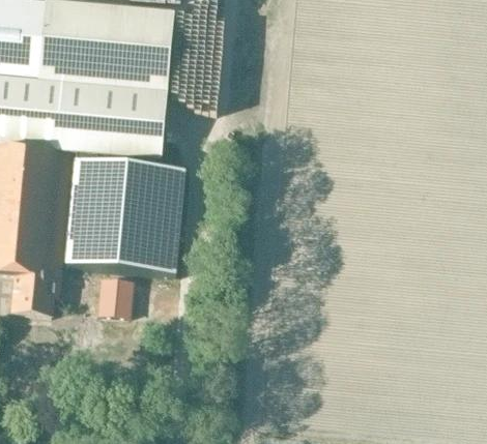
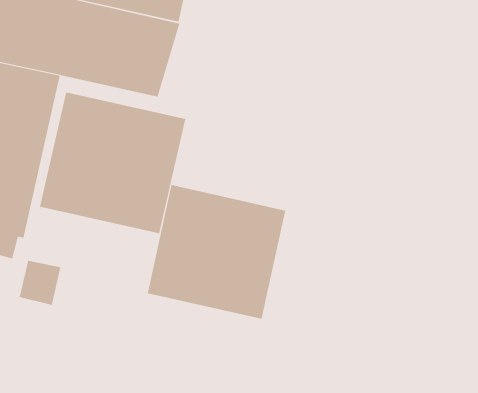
building: none -> [147,184,286,320]
building: [99,273,133,309] -> [19,260,61,305]

